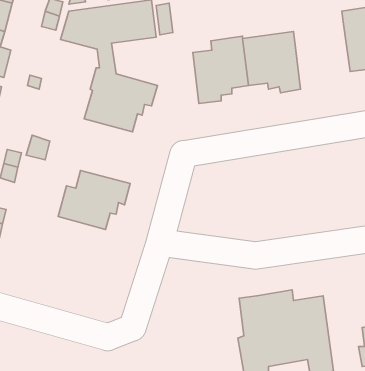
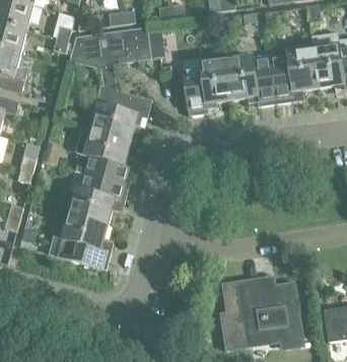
building: none -> [270,45,318,102]
building: none -> [74,125,134,184]
building: none -> [48,212,111,269]

